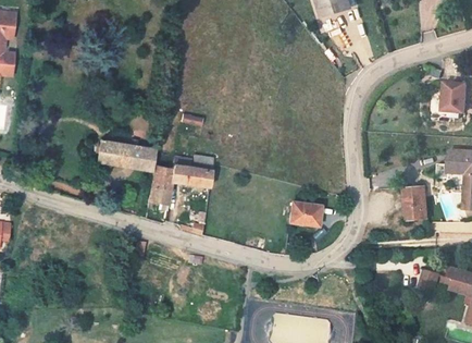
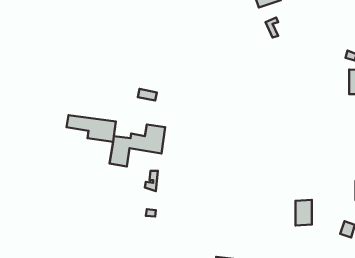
building: [403,189,423,220] -> [296,200,312,225]
building: [290,200,318,225] -> none

